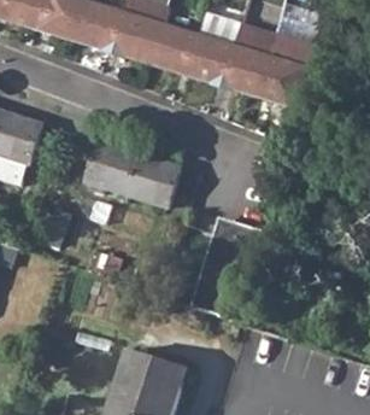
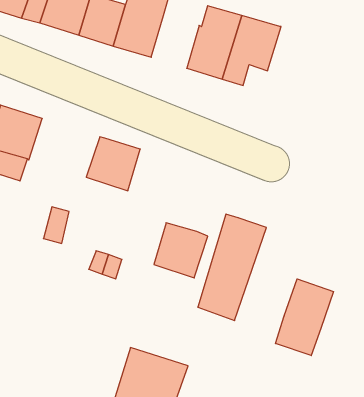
building: [149,22,196,74] -> none
building: [240,33,315,107] -> none
building: [127,153,180,207] -> [154,223,208,278]
building: none -> [276,279,334,356]

